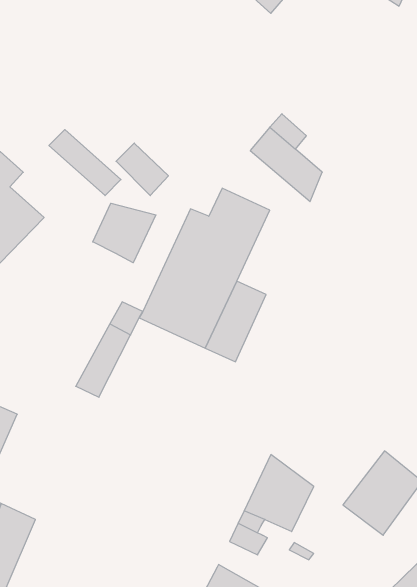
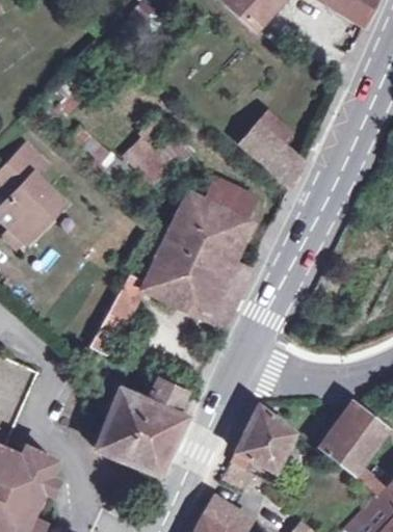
building: [93,203,156,263] -> none
building: none -> [95,378,185,473]

